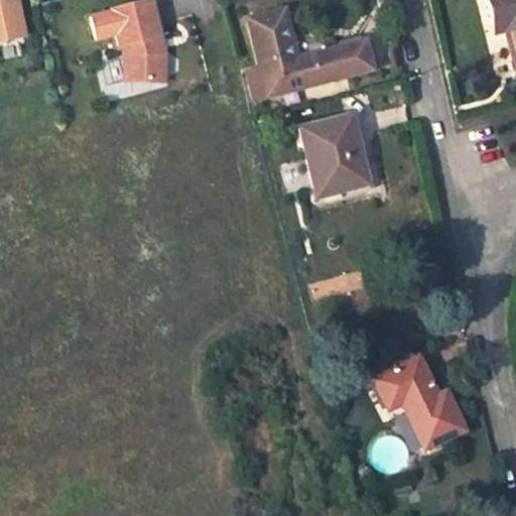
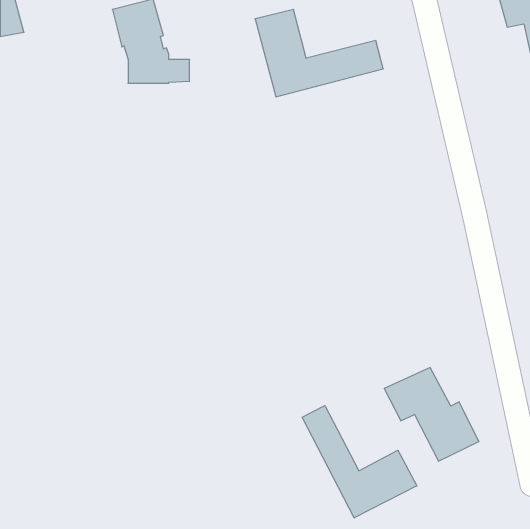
building: [300,115,369,195] -> none
building: none -> [302,406,417,518]

